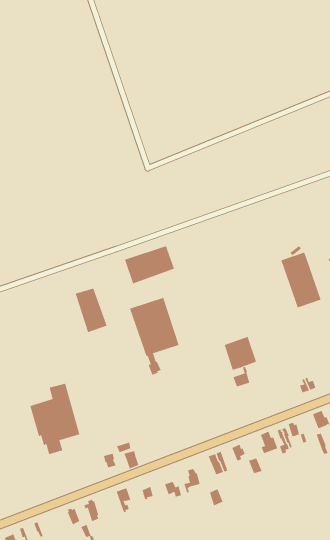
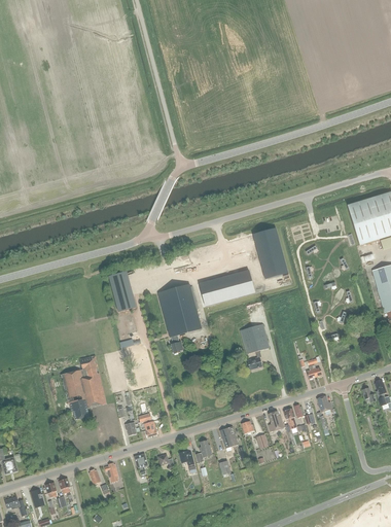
building: [124,245,175,284] -> [209,270,254,303]
building: [280,252,322,308] -> [252,227,287,278]

